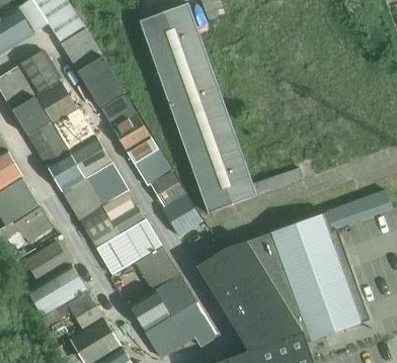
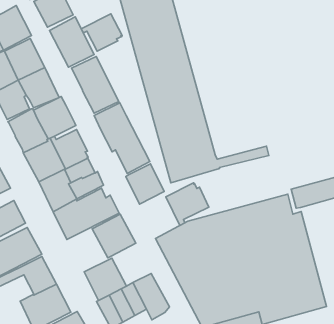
building: none -> [81,14,122,51]
building: none -> [166,183,209,226]
building: [155,274,195,315] -> none

